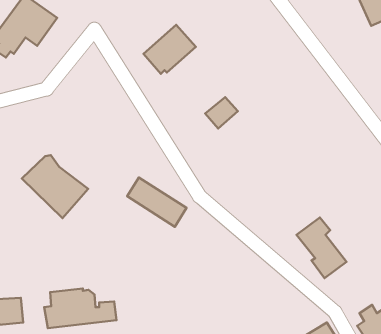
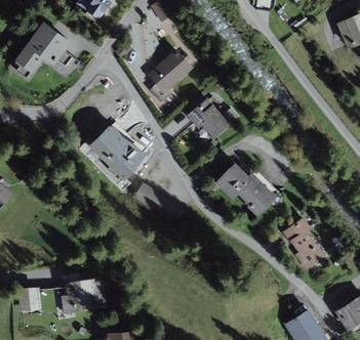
building: none -> [187,97,219,128]
building: [22,155,88,218] -> [89,125,148,180]
building: none -> [215,162,277,216]

